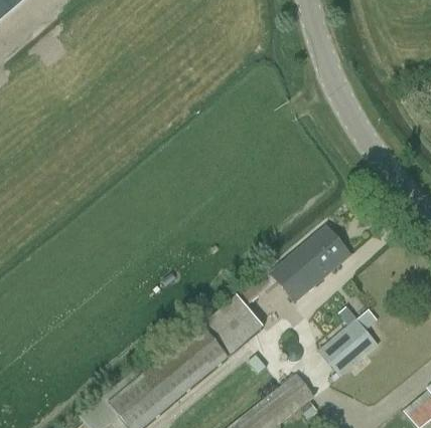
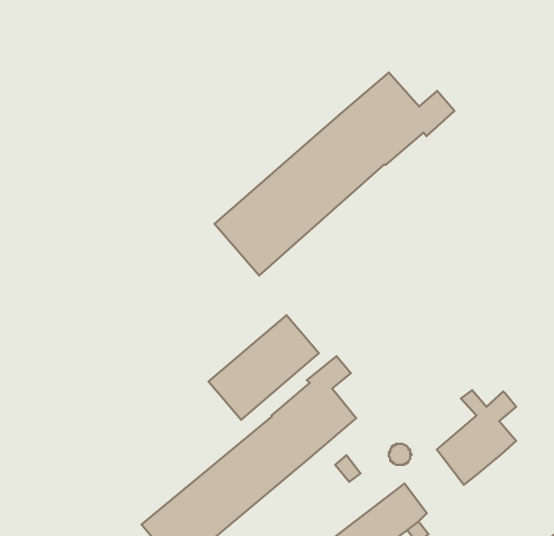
building: none -> [215,72,454,276]
building: [271,226,349,300] -> [209,315,319,420]

